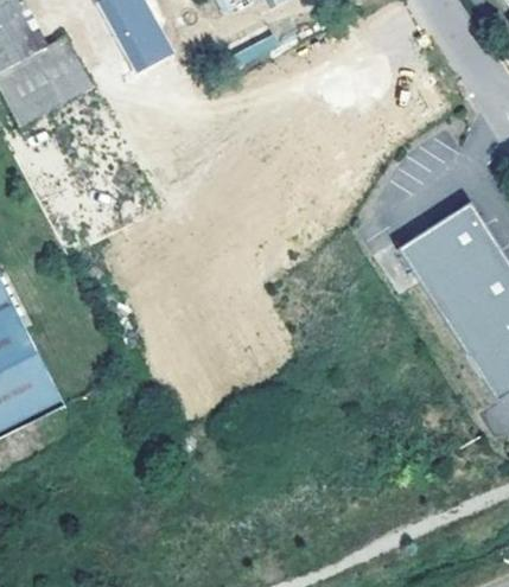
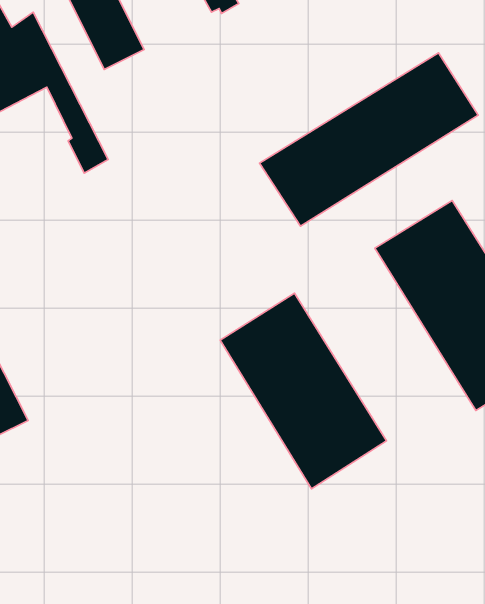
building: none -> [260,53,478,226]
building: none -> [220,293,386,489]

